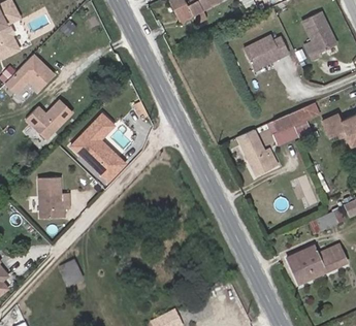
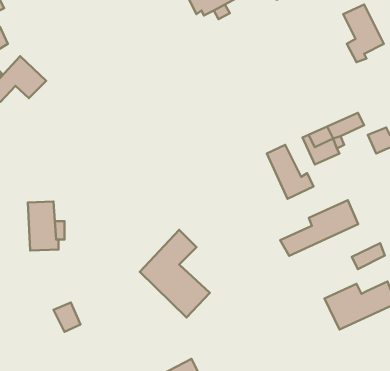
building: [242,36,288,70] -> none
building: [25,101,71,139] -> none
building: [70,110,129,184] -> [140,230,210,317]
building: none -> [280,200,358,256]

